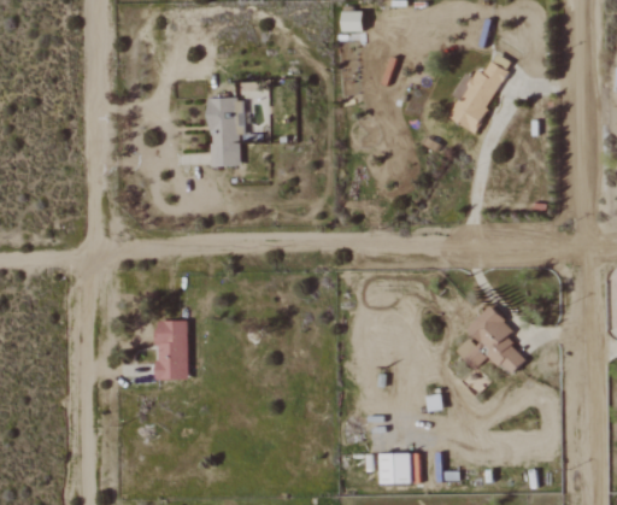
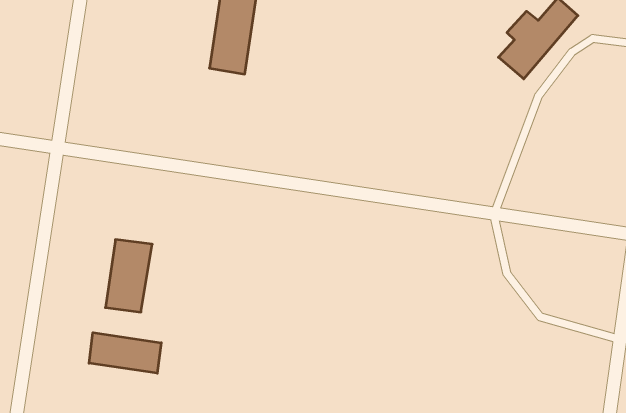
building: [465,305,527,375] -> none
building: none -> [89,333,161,373]

